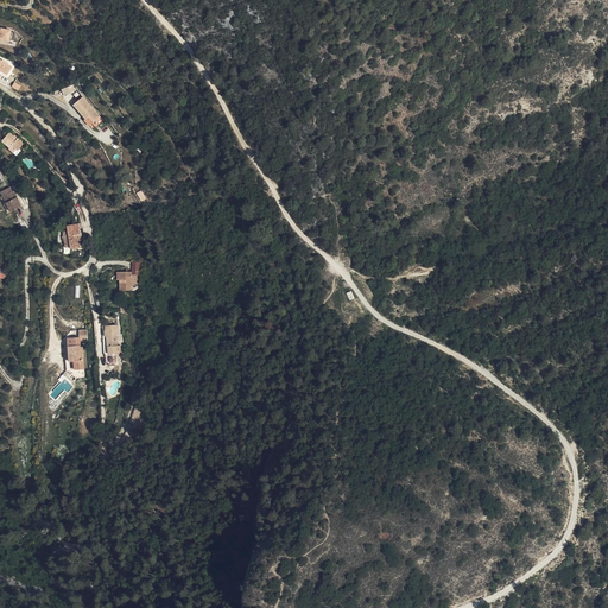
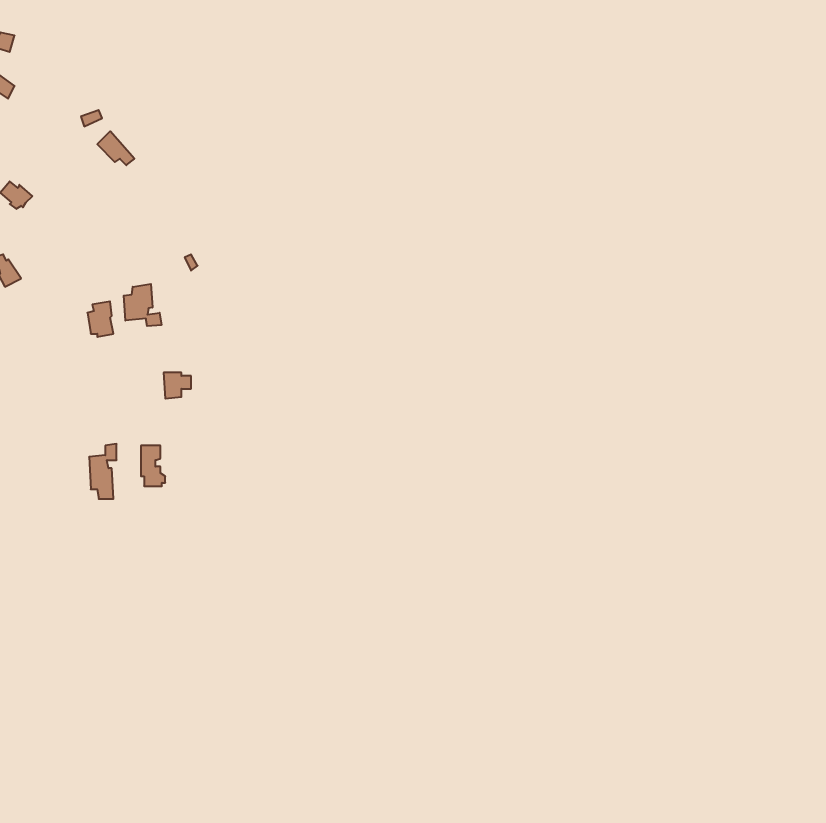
building: none -> [124,284,161,326]

